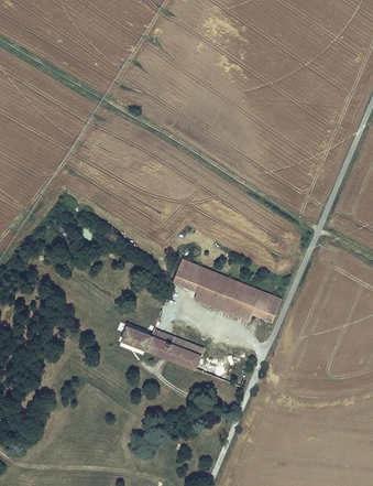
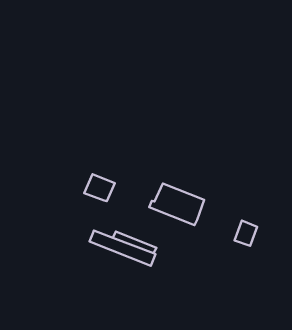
building: [173,259,210,292] -> [84,174,115,201]
building: [252,290,279,321] -> [235,220,257,246]

